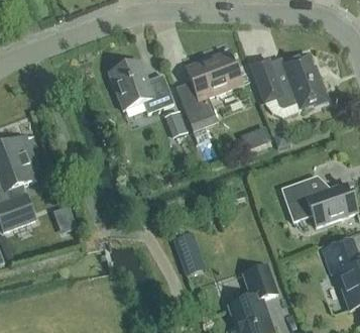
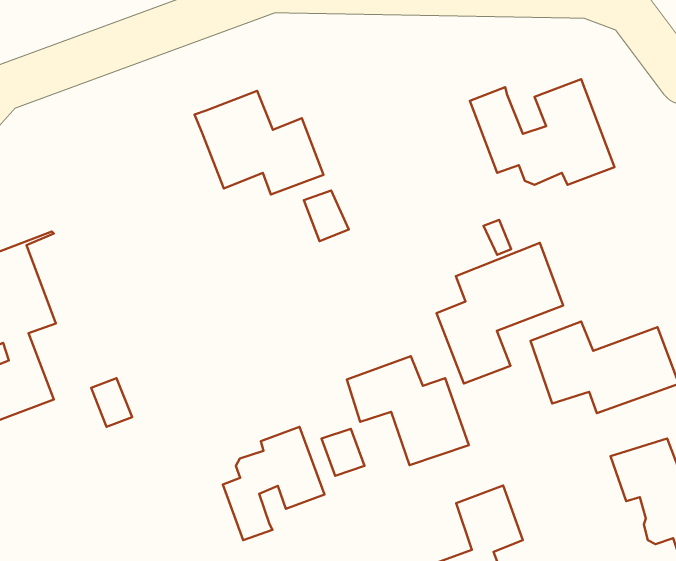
building: [176,49,242,122] -> [436,243,563,383]
building: none -> [347,356,469,465]
building: none -> [223,427,325,540]

